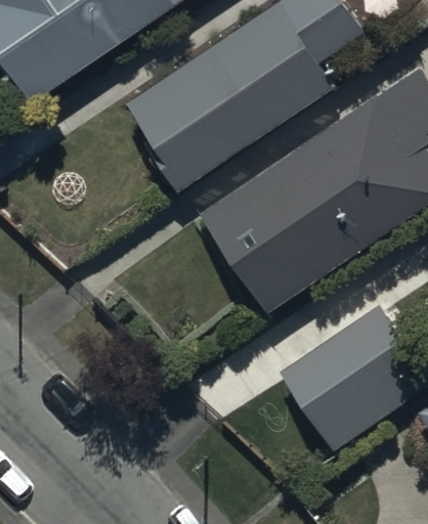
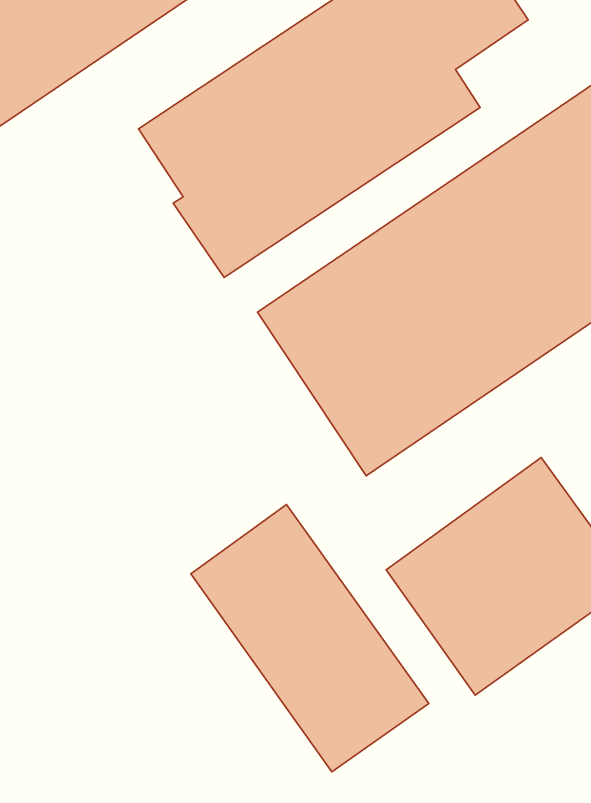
building: none -> [191,505,429,772]

